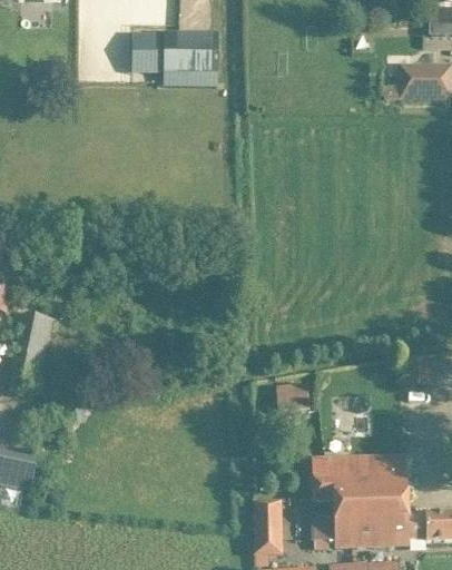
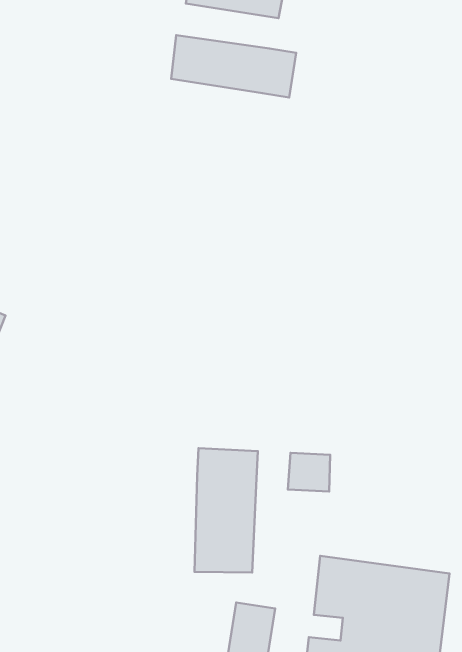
building: none -> [171,35,296,98]
building: none -> [194,448,258,573]

